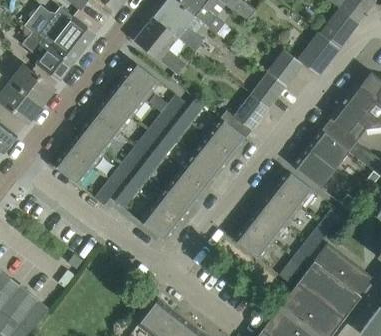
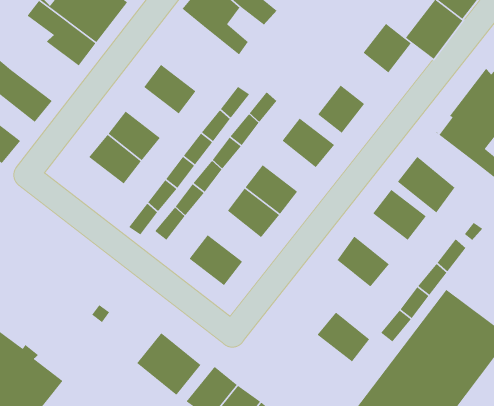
building: [119,62,166,112] -> none
building: [10,66,54,107] -> none
building: [250,72,285,109] -> none
building: [93,97,132,134] -> none
building: [306,130,348,170] -> none
building: [193,136,232,173] -> none
building: [53,148,92,186] -> none
building: [153,187,192,224] -> none
building: [260,189,299,226] -> none
building: [233,223,272,260] -> [317,312,370,362]
building: none -> [136,332,201,396]

